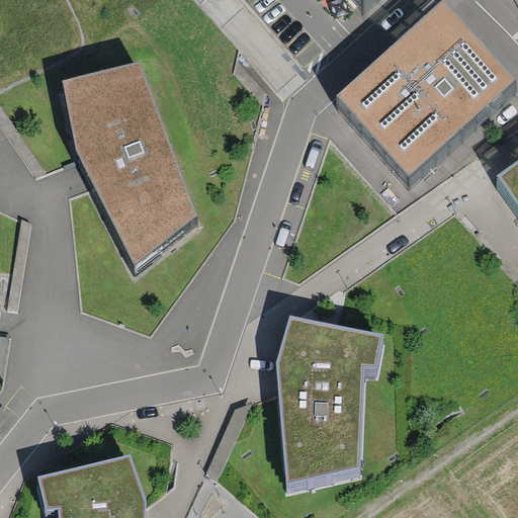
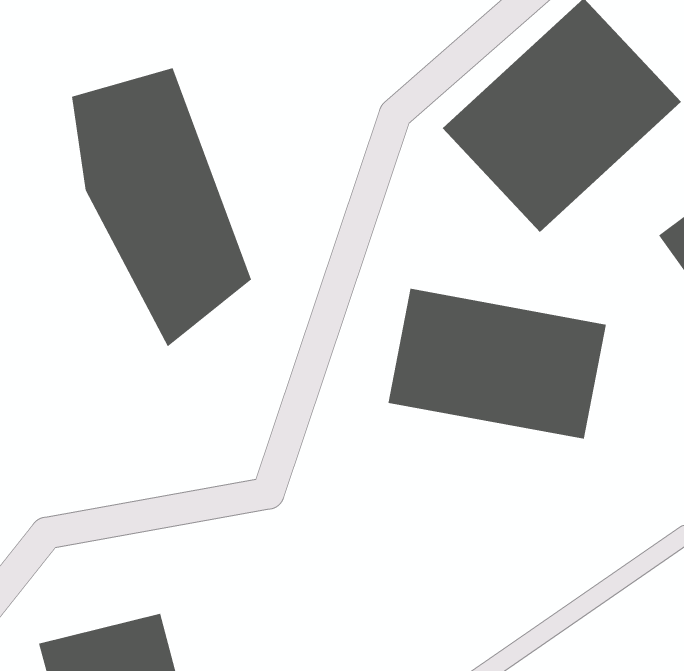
building: none -> [388,288,607,440]
building: [275,317,382,485] -> none

